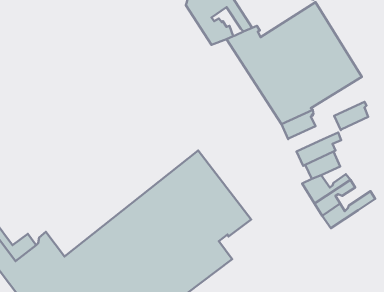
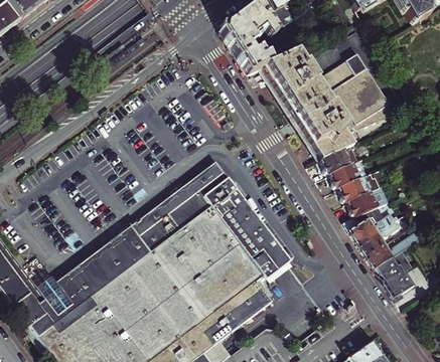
building: [334,102,368,130] -> [329,158,365,188]
building: none -> [69,162,233,299]
building: none -> [374,249,415,300]

